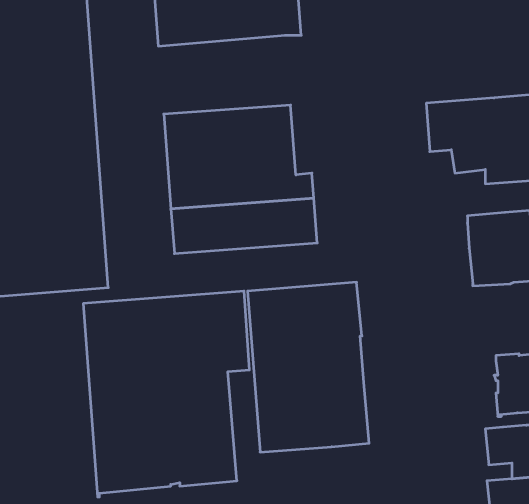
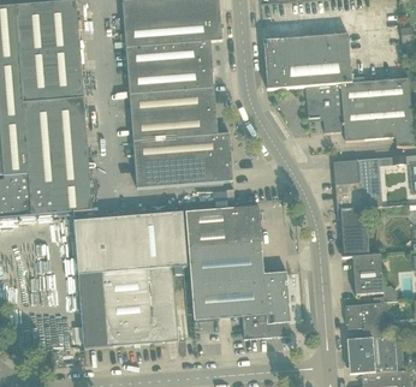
building: none -> [263,32,351,89]
building: none -> [125,40,214,93]
building: none -> [337,206,368,256]
building: none -> [242,272,291,338]

